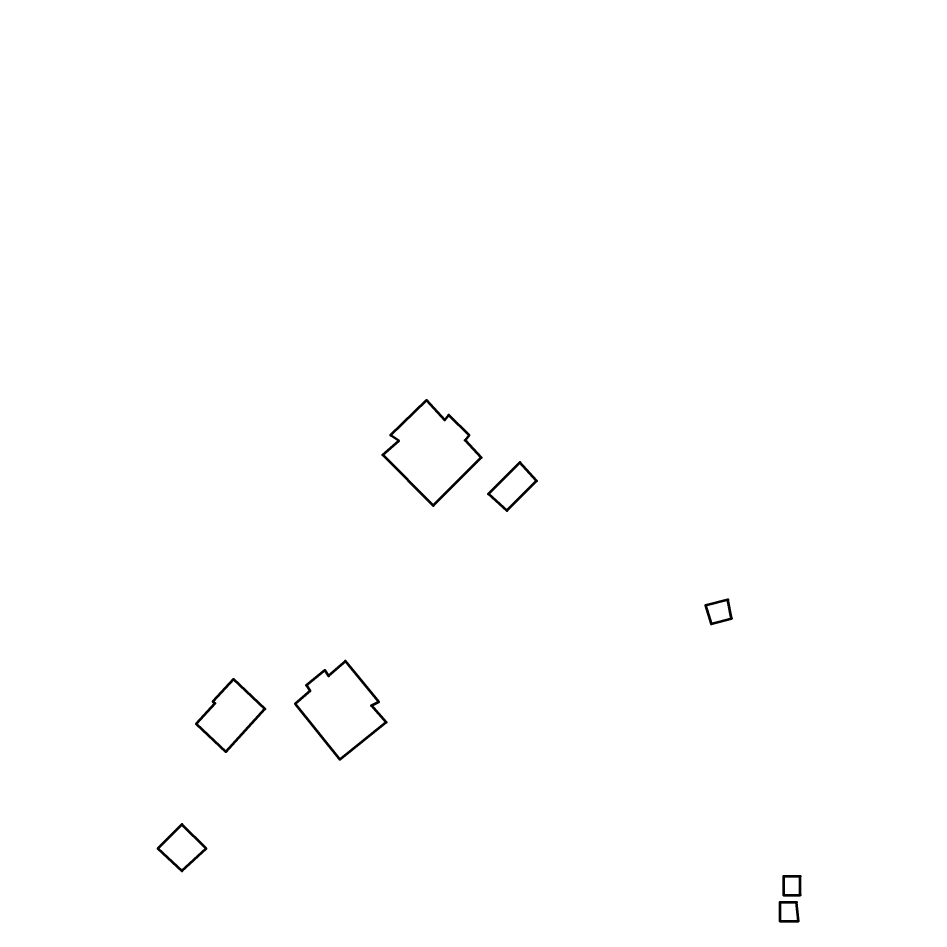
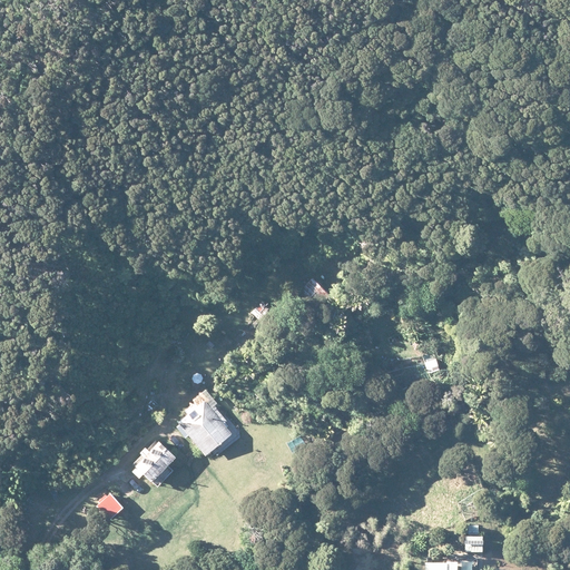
building: [383,400,481,506] -> none
building: [196,679,265,752] -> [135,440,176,483]

